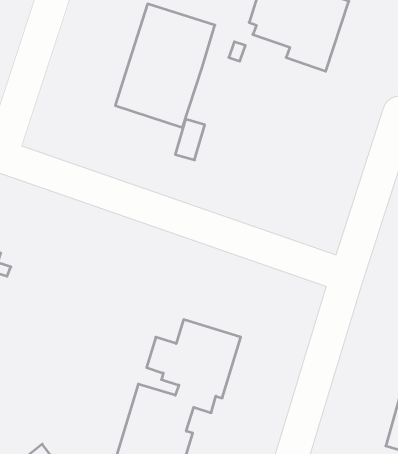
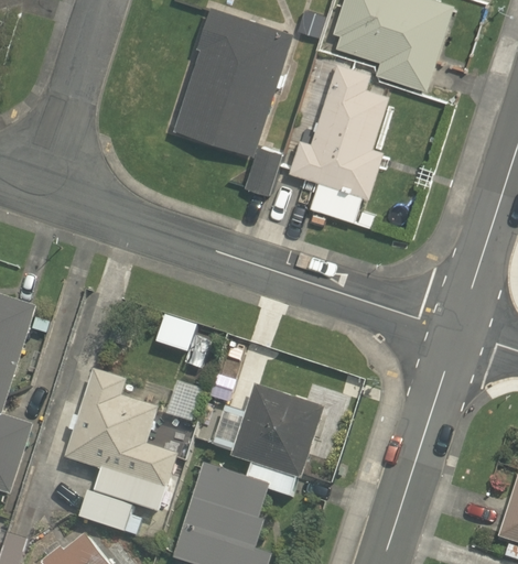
building: none -> [288,62,388,220]
building: none -> [63,367,176,536]

